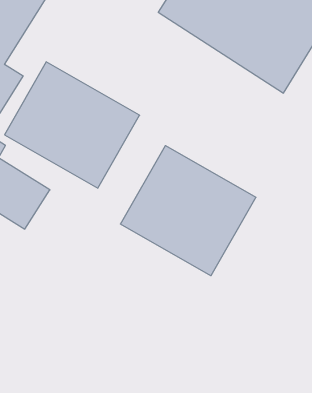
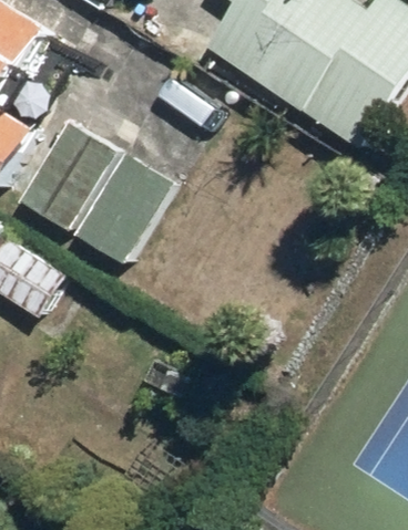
building: [120,146,256,276] -> none

